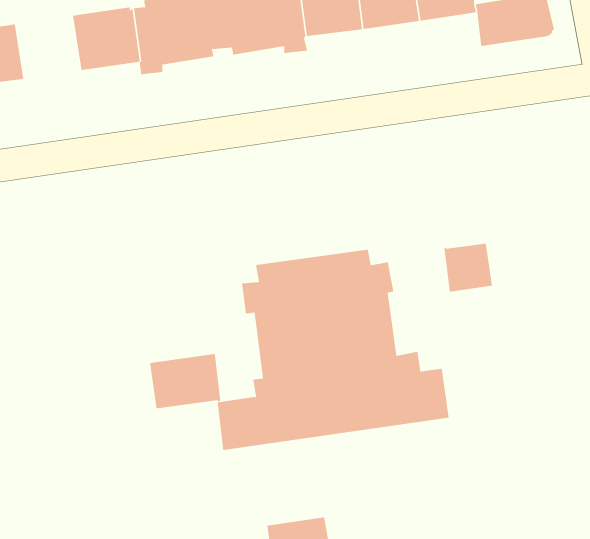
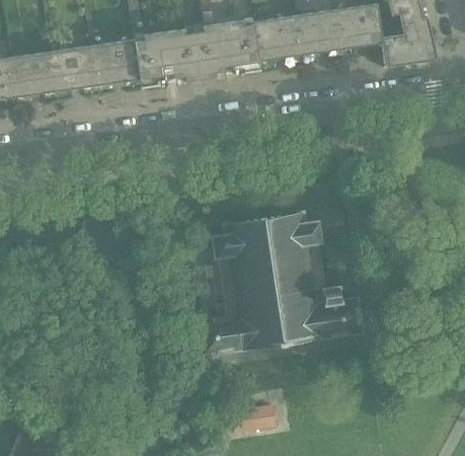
building: none -> [52,44,98,89]
building: [444,243,492,292] -> none
building: [149,353,221,409] -> none

